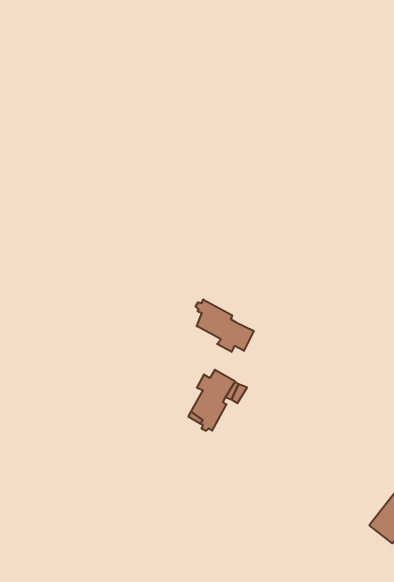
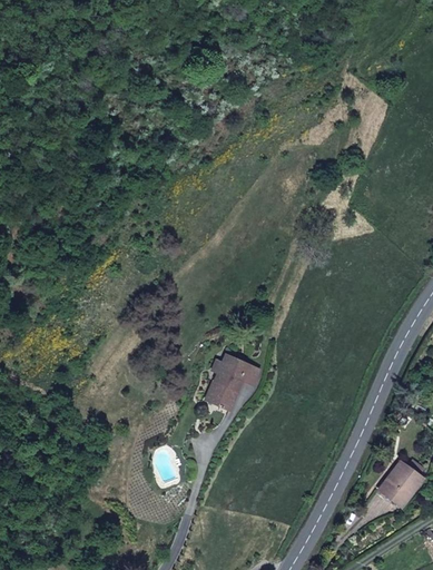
building: [196,299,254,352] -> none

